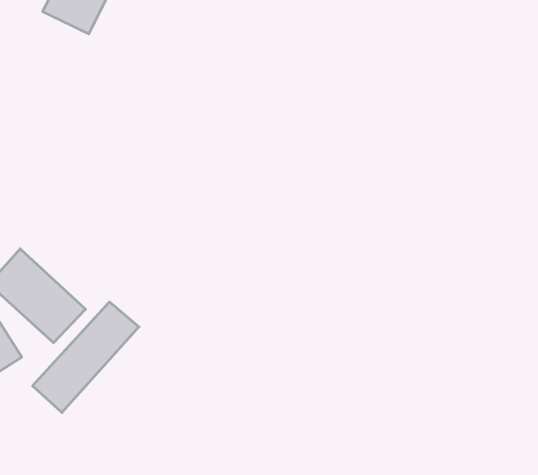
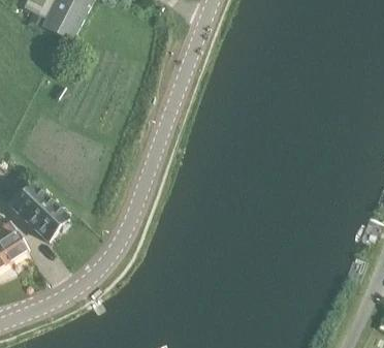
building: [33,302,139,413] -> none

